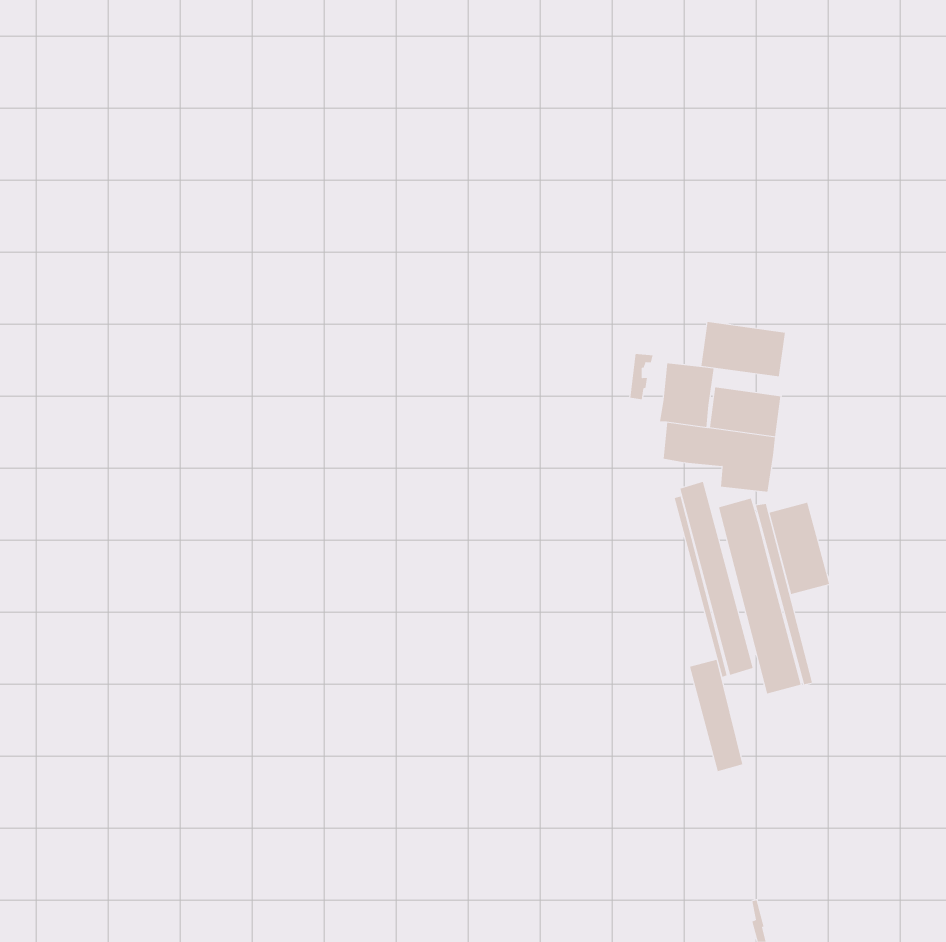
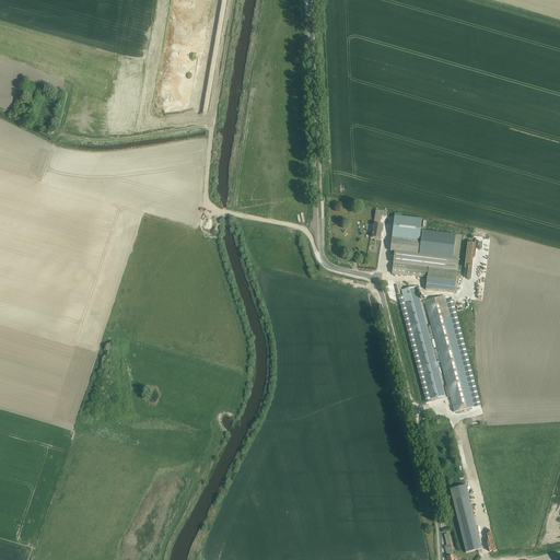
building: [701,321,786,377] -> none
building: [769,502,830,595] -> none
building: [689,659,743,772] -> [450,485,481,551]

